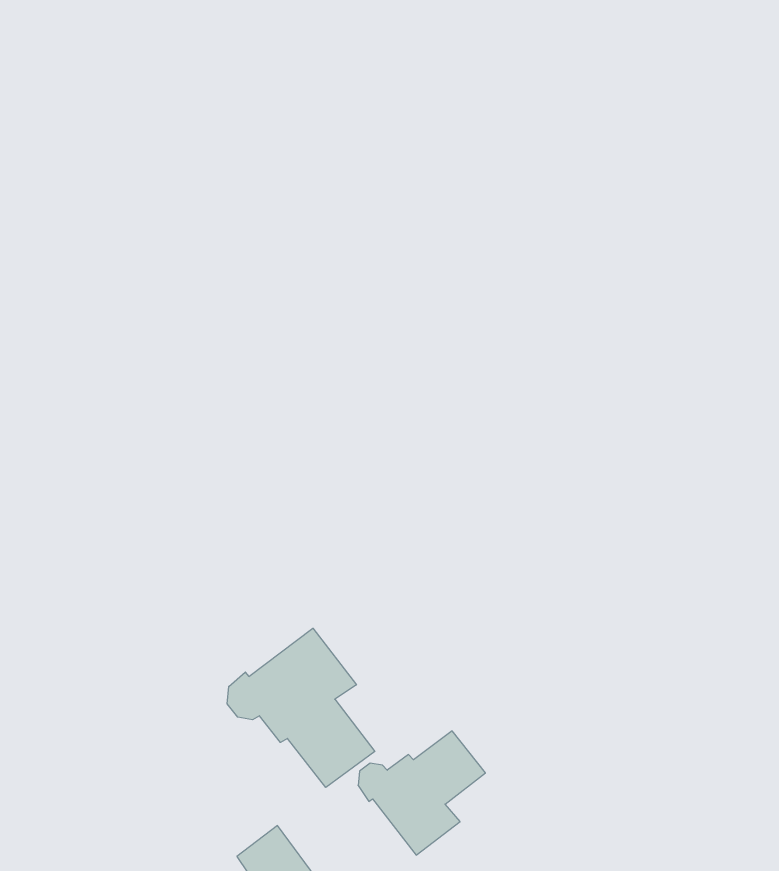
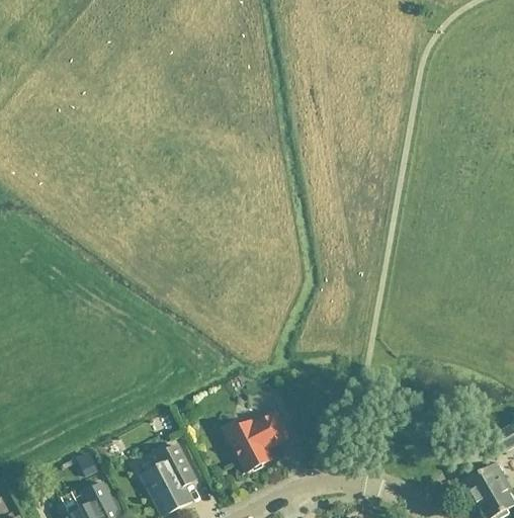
building: [227,628,375,787] -> none

